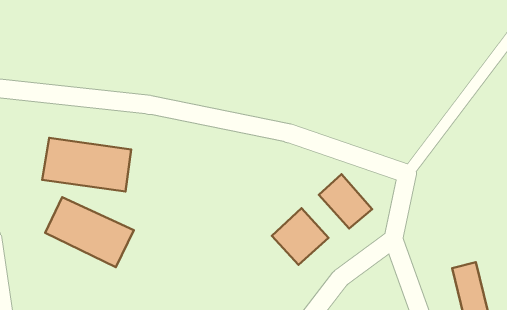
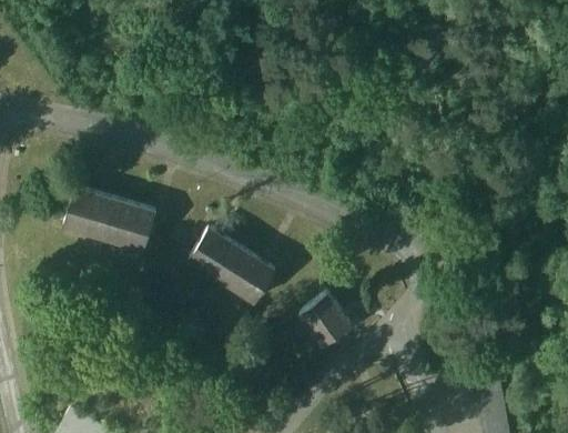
building: [319,174,372,229] -> none
building: [45,197,134,267] -> [184,225,277,305]

